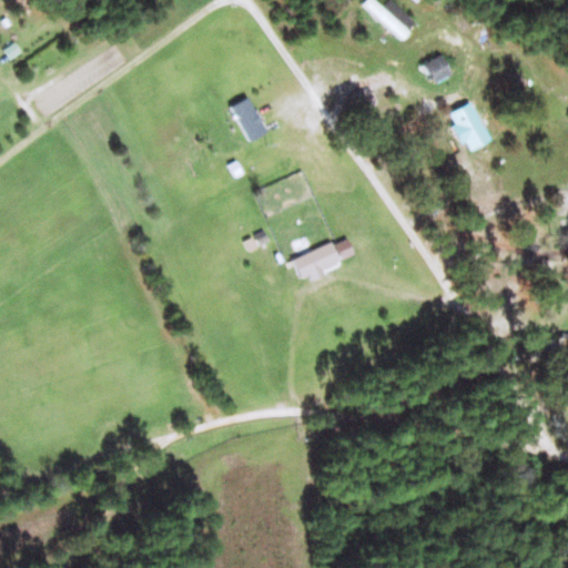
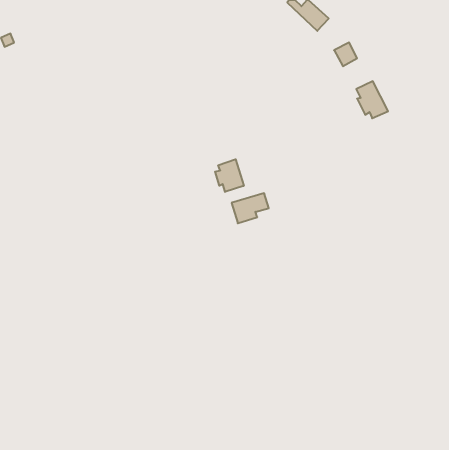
building: [233,98,265,142] -> none
building: none -> [215,159,244,192]

